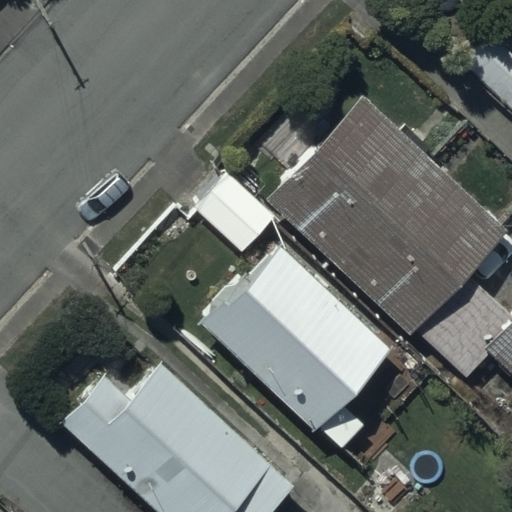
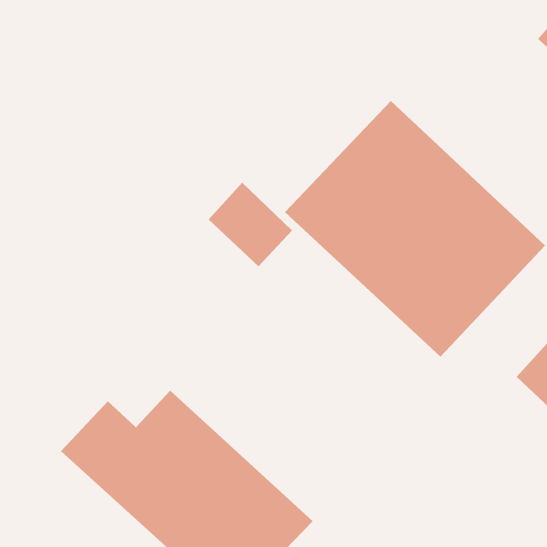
building: [197,246,391,447] -> none

